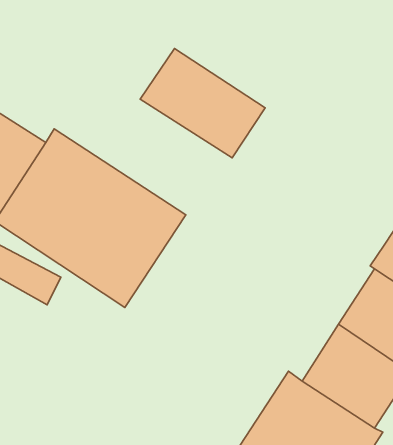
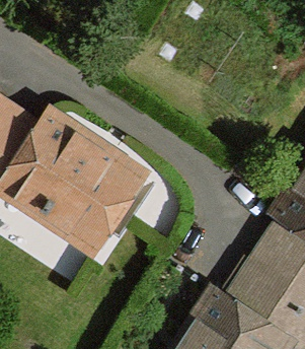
building: [140,49,265,158] -> none

